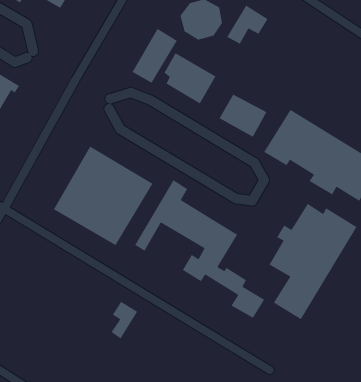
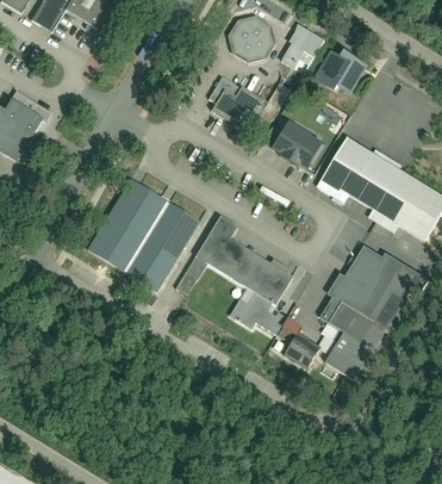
building: [131,28,178,84] -> none
building: none -> [313,51,368,94]
building: [111,301,138,339] -> none

